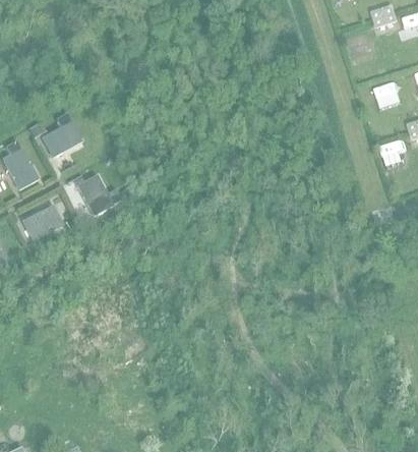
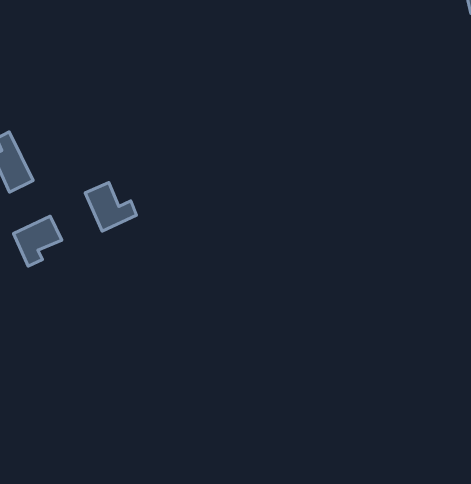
building: [43,113,81,156] -> none

